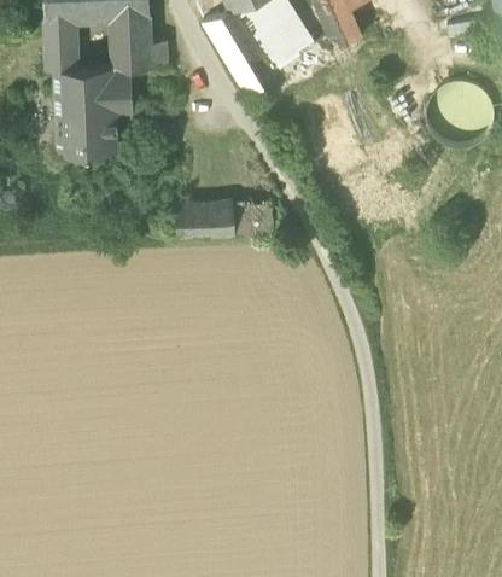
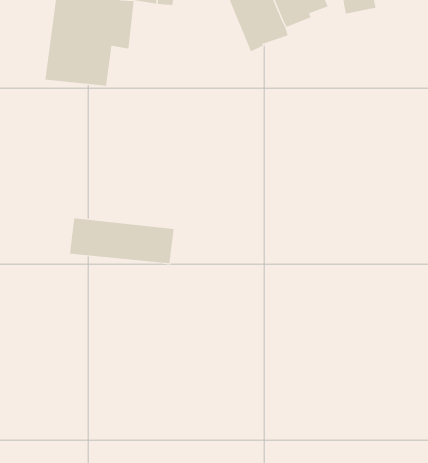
building: [175,198,274,238] -> [69,218,174,264]

